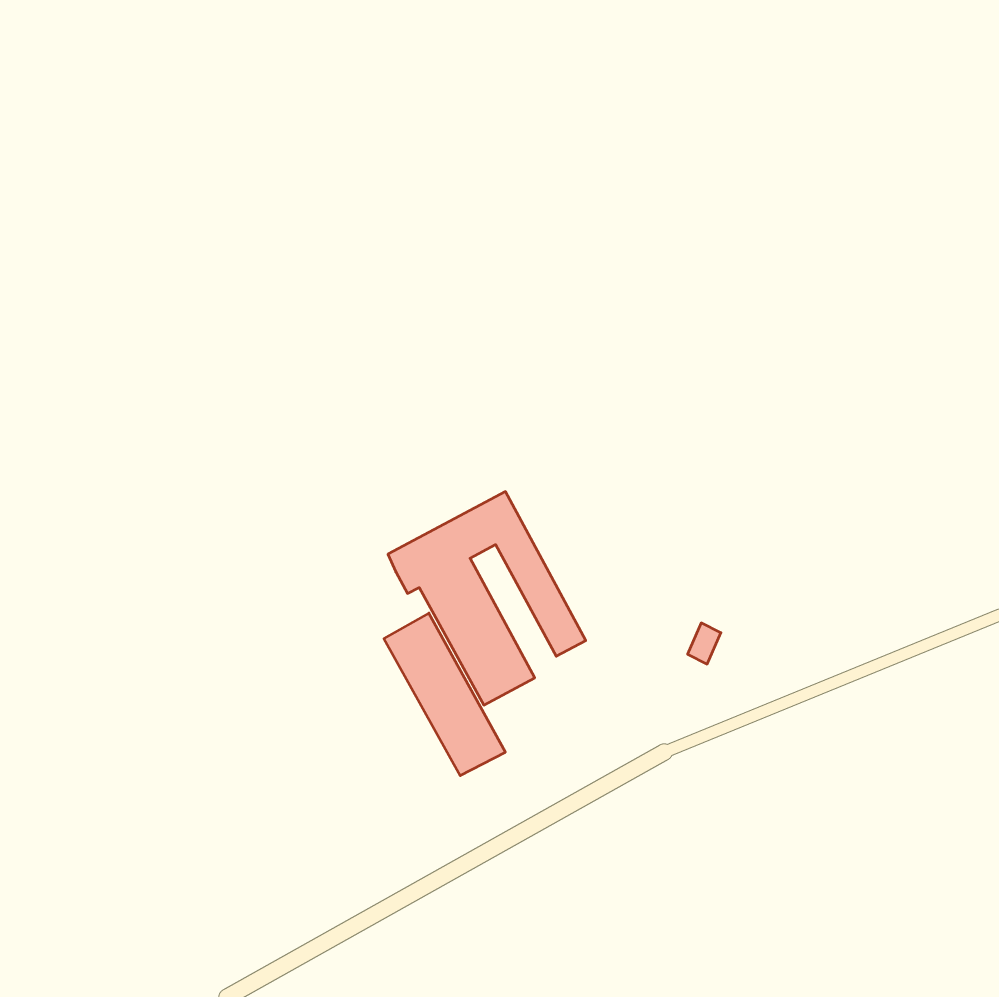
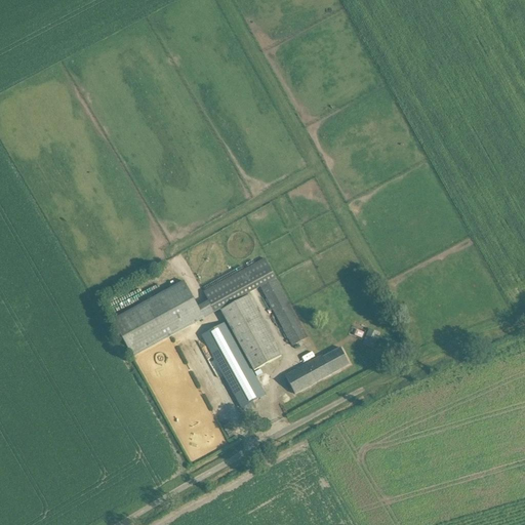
building: none -> [112,280,203,356]
building: none -> [284,347,349,393]

